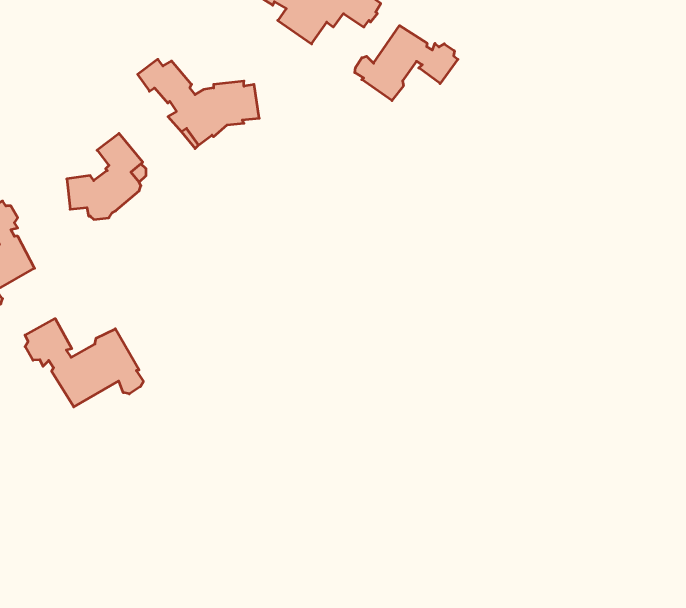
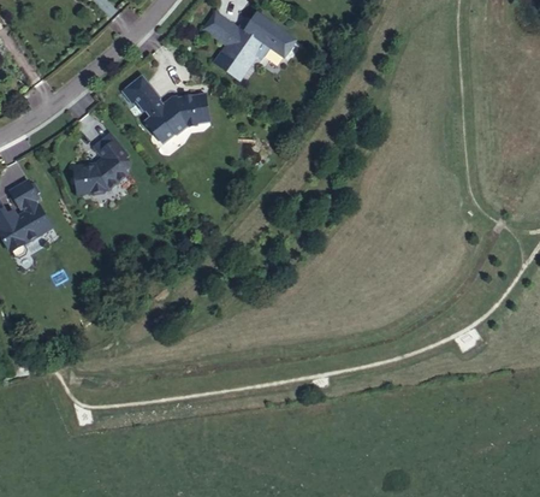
building: [355,26,458,101] -> none
building: [25,319,143,407] -> none

